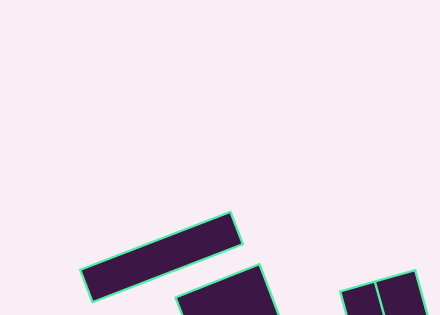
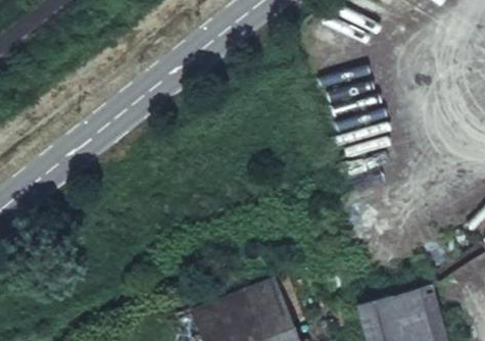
building: [80,212,243,302] -> none

